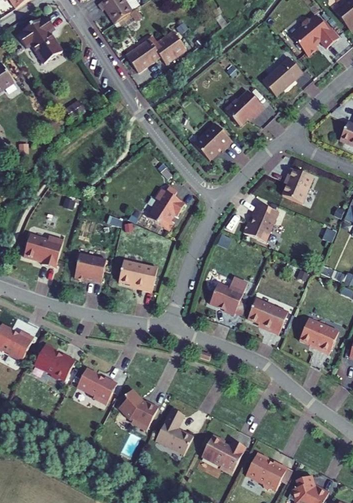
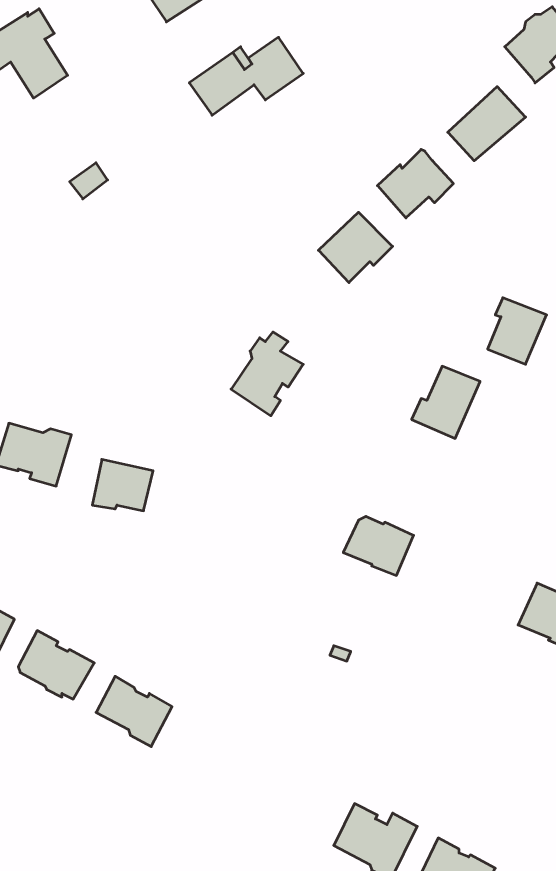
building: [119,259,158,291] -> none
building: [248,298,289,334] -> none
building: [119,389,159,430] -> none
building: [156,408,193,455] -> none

